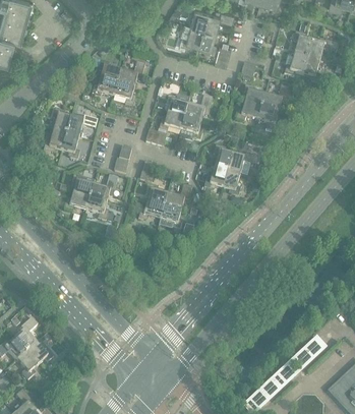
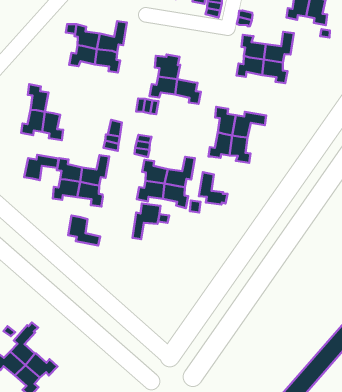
building: [183,95,212,121] -> none
building: [65,114,97,136] -> [24,155,59,180]
building: none -> [199,172,227,205]
building: none -> [132,204,161,239]
building: none -> [68,215,100,246]

